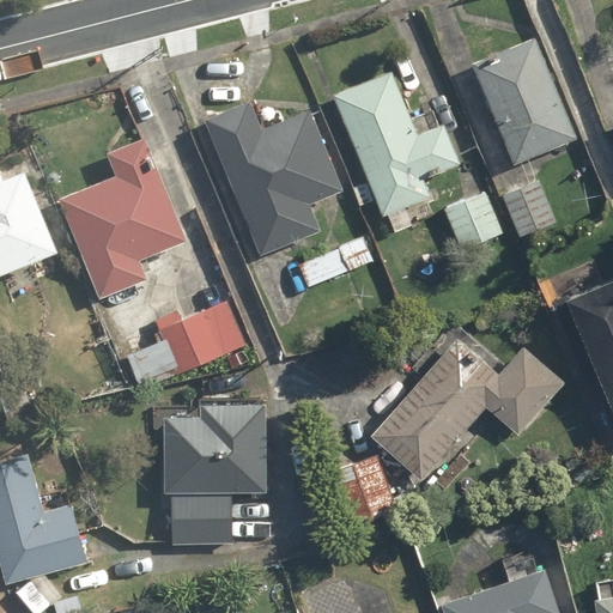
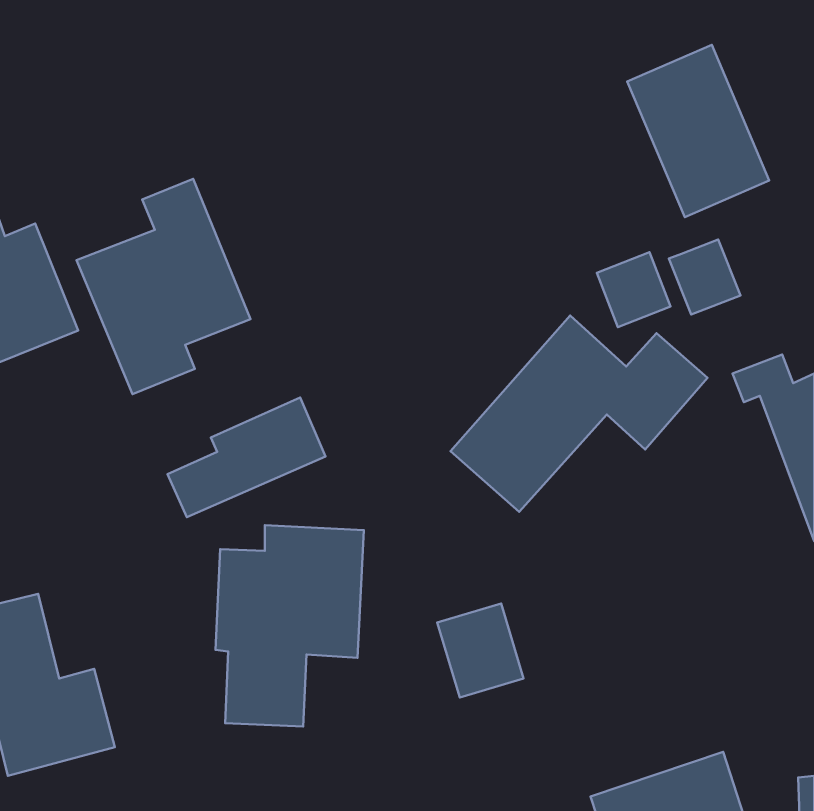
building: [333,71,459,232] -> none
building: [207,102,345,255] -> none
building: [370,334,563,481] -> [451,315,707,512]

